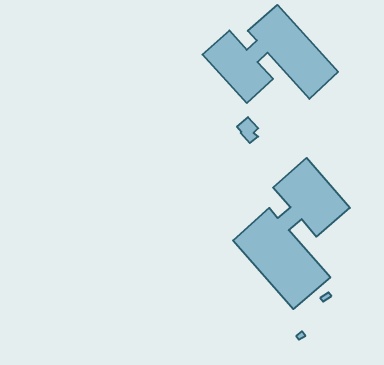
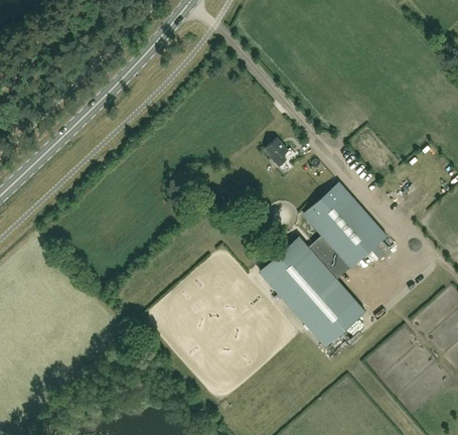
building: [202,5,338,103] -> none

